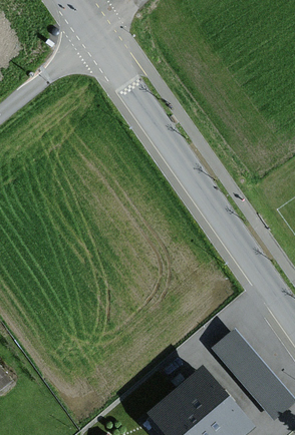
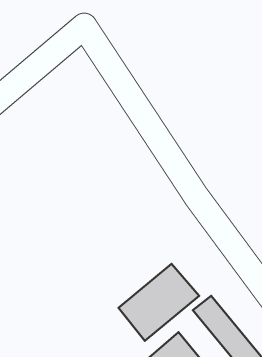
building: none -> [119,264,199,341]

